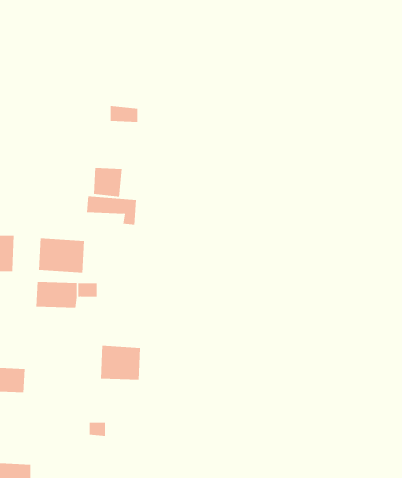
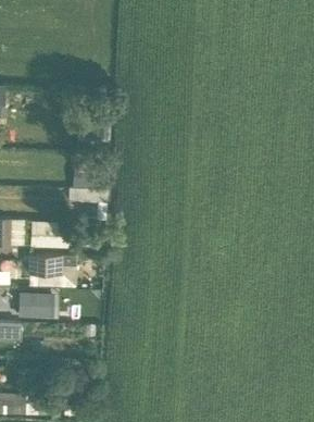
building: [100,345,141,380] -> [17,293,49,320]

